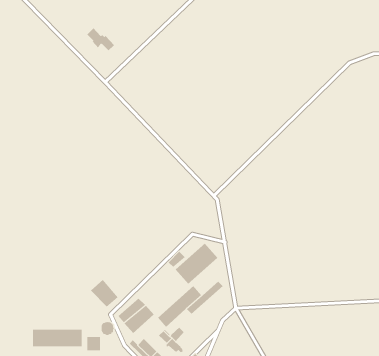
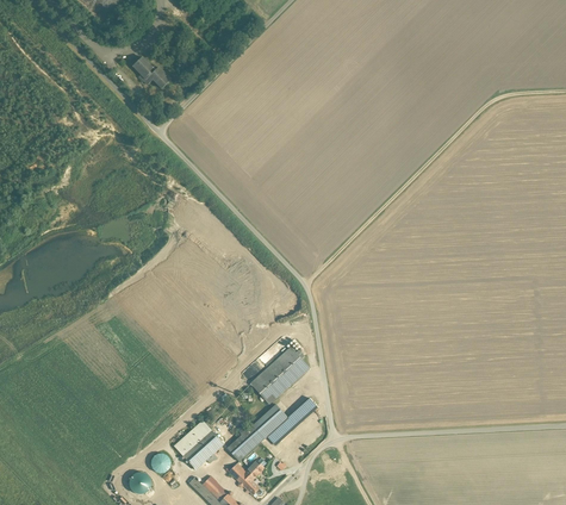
building: [90,279,119,308] -> none
building: [33,329,82,347] -> none

